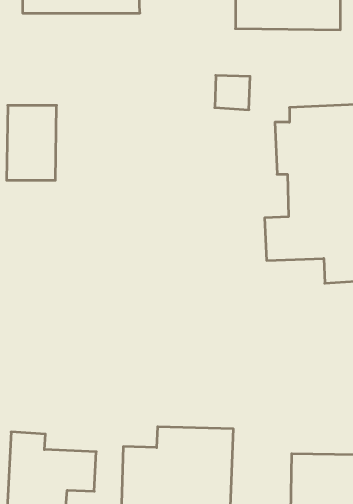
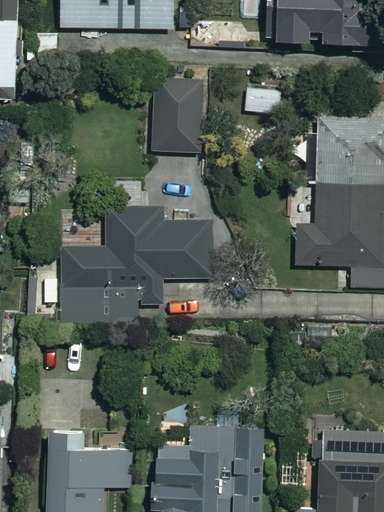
building: [7,105,57,180] -> [152,80,200,152]
building: none -> [59,208,213,321]

